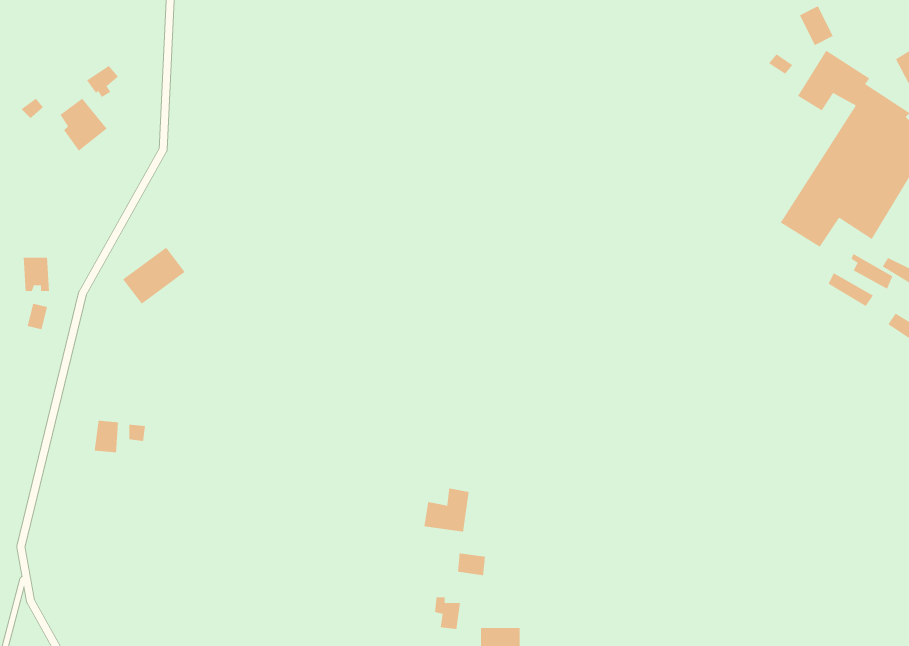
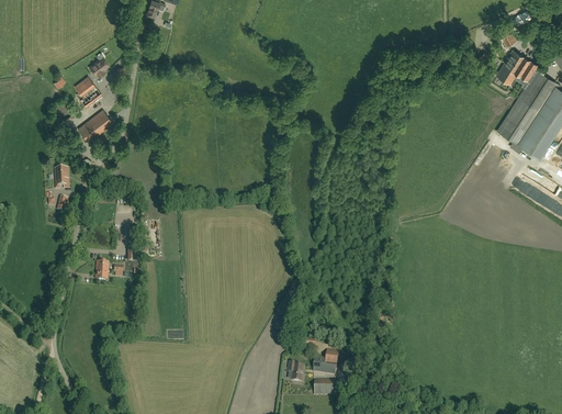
building: [122,247,186,305] -> [78,110,114,143]
building: [424,488,470,532] -> [313,349,339,374]

